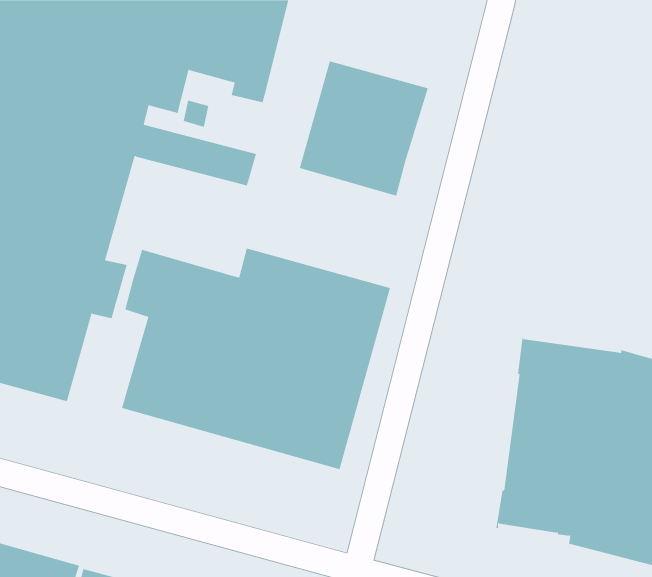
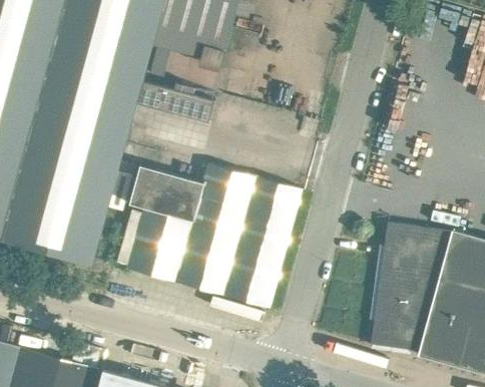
building: [299,60,429,197] -> none

